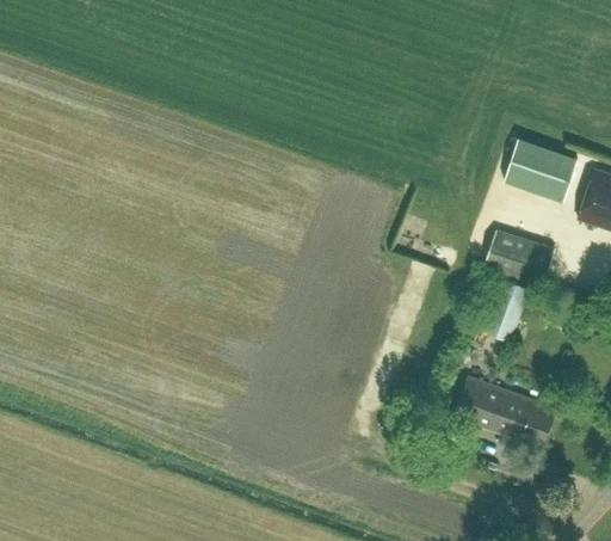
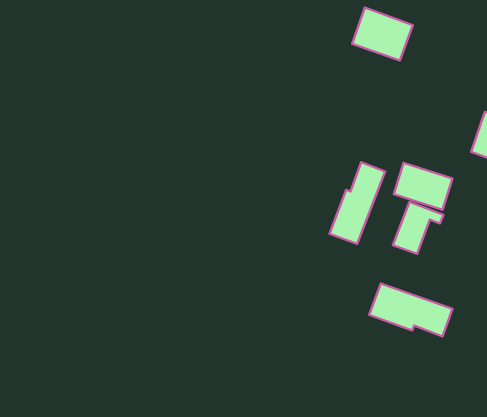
building: [504,136,578,201] -> [352,8,413,60]
building: none -> [329,162,385,244]

